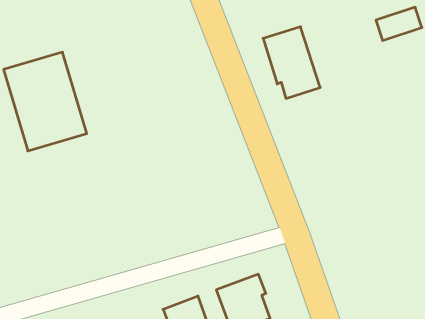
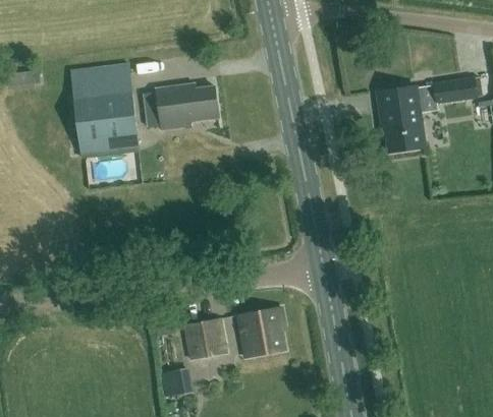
building: [263,27,320,98] -> [377,85,424,152]
building: none -> [156,83,218,129]

